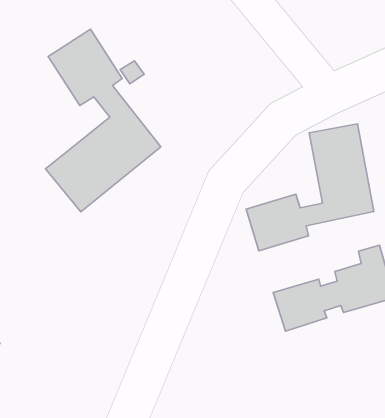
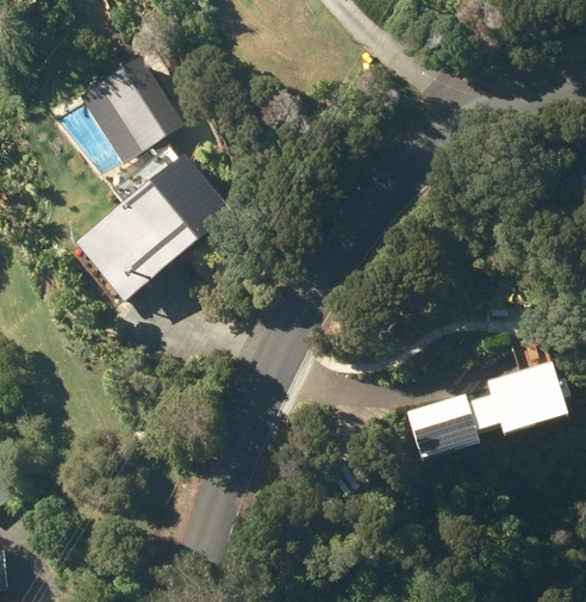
building: [246,124,374,251] -> none

